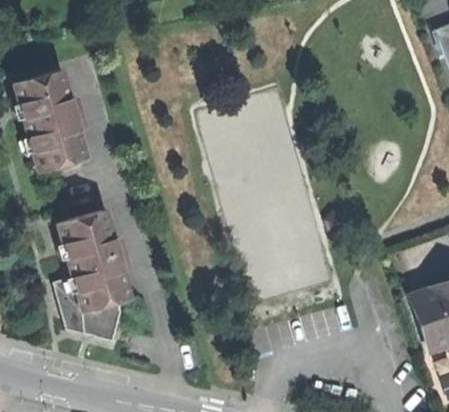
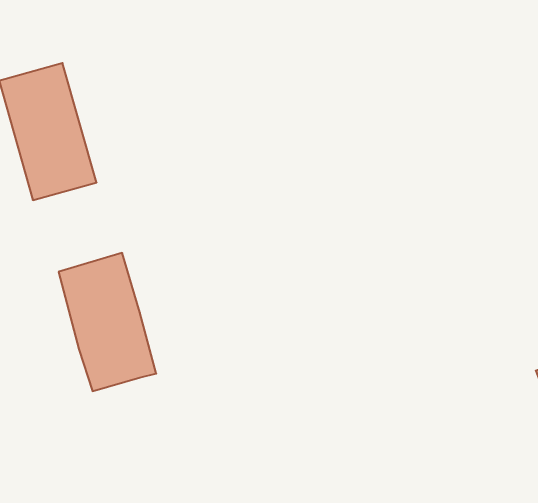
building: [56,281,120,342] -> none

